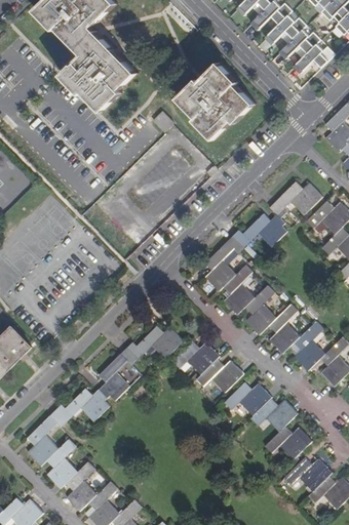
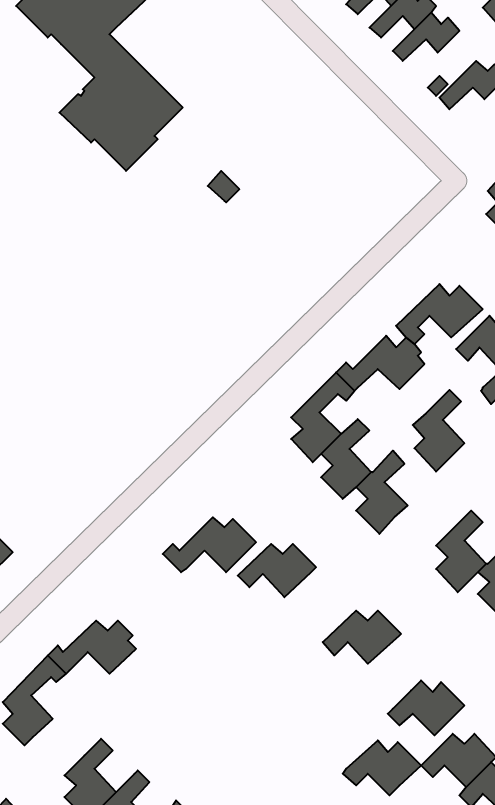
building: [281,29,322,58] -> none
building: [179,63,256,139] -> none
building: [268,304,300,354] -> [413,390,464,472]
building: [98,348,137,401] -> none
building: [196,359,243,393] -> none
building: [249,398,298,432] -> [343,740,421,795]
building: [45,439,77,489] -> none

